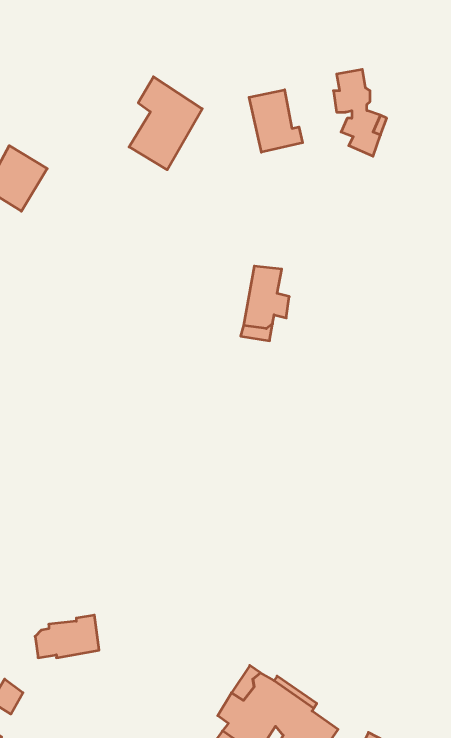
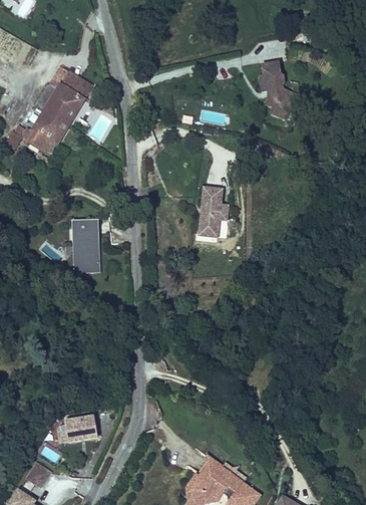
building: [129,77,202,170] -> [42,63,90,124]
building: [249,90,303,152] -> none
building: none -> [75,223,105,276]

